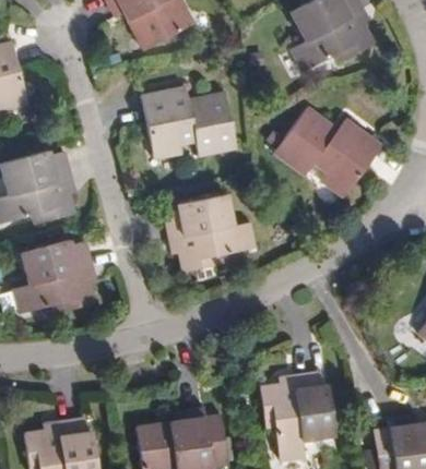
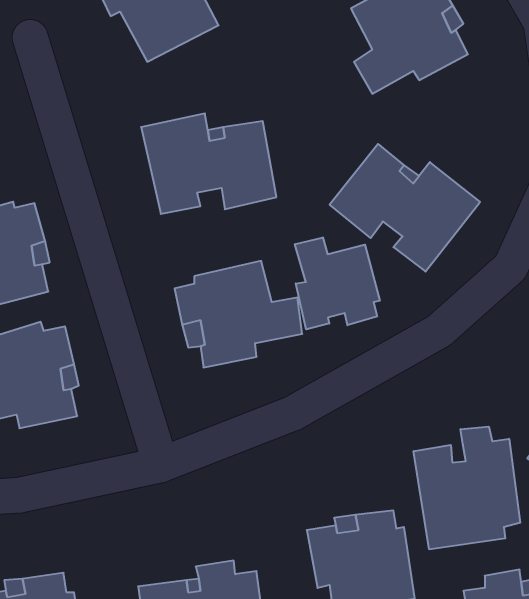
building: none -> [295,237,380,329]
building: none -> [414,427,520,549]

